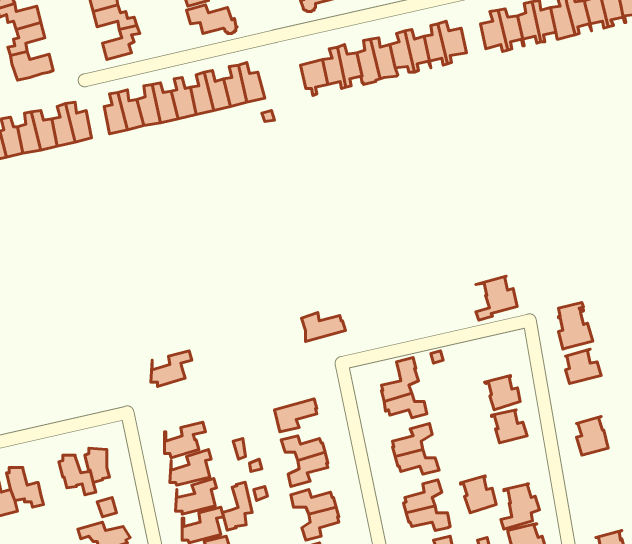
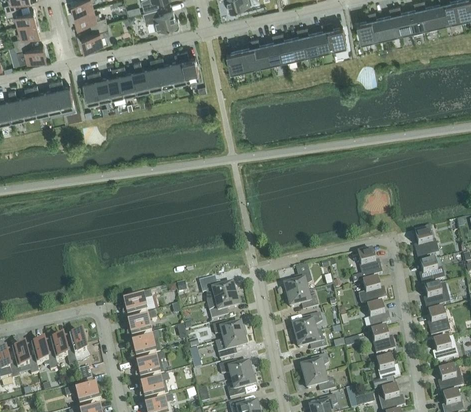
building: [476,276,517,320] -> [353,251,383,283]
building: [301,313,345,341] -> [205,282,237,303]
building: [151,351,192,386] -> [123,291,153,317]
building: none -> [424,283,451,309]
building: none -> [433,336,459,362]
building: none -> [32,340,59,370]
building: [460,476,496,513] -> [370,327,396,354]
building: [222,482,252,530] -> none
building: none -> [438,366,464,392]

